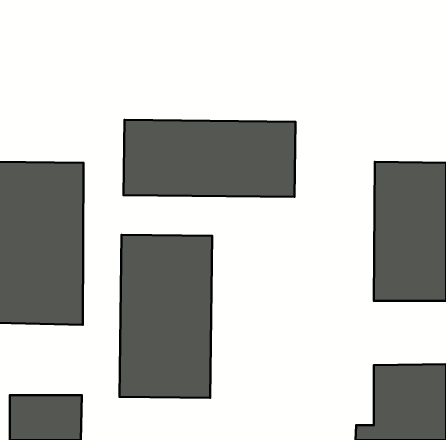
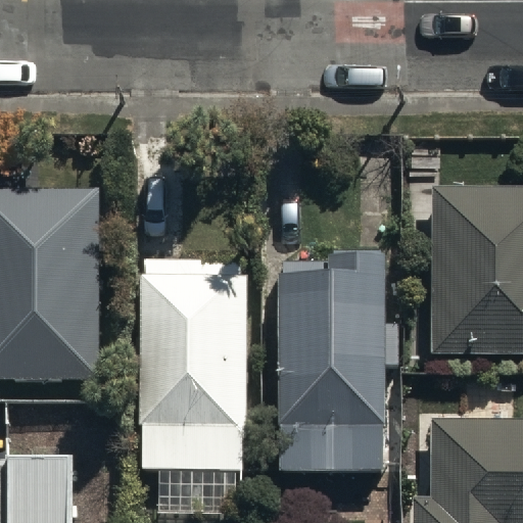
building: [124,120,295,197] -> none
building: none -> [275,275,386,473]

